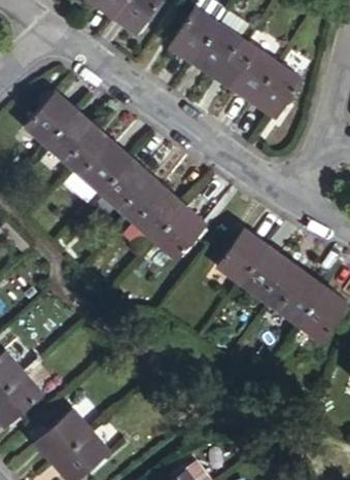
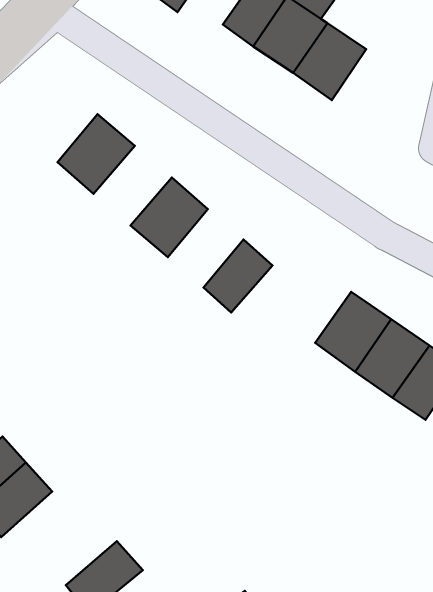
building: [251,63,301,117] -> none
building: [24,92,76,147] -> none
building: [73,135,132,195] -> none
building: [129,182,185,241] -> none
building: [215,228,266,282] -> none
building: [34,411,91,464] -> none

